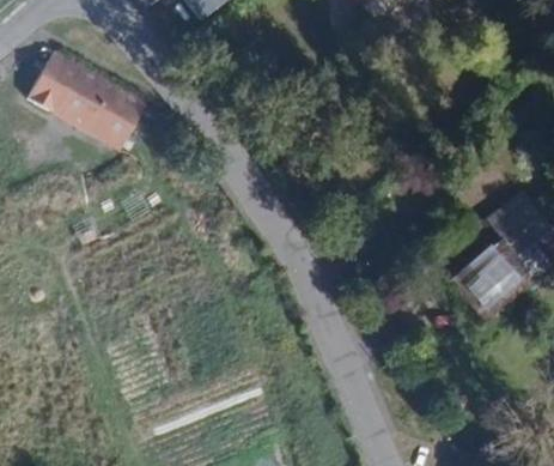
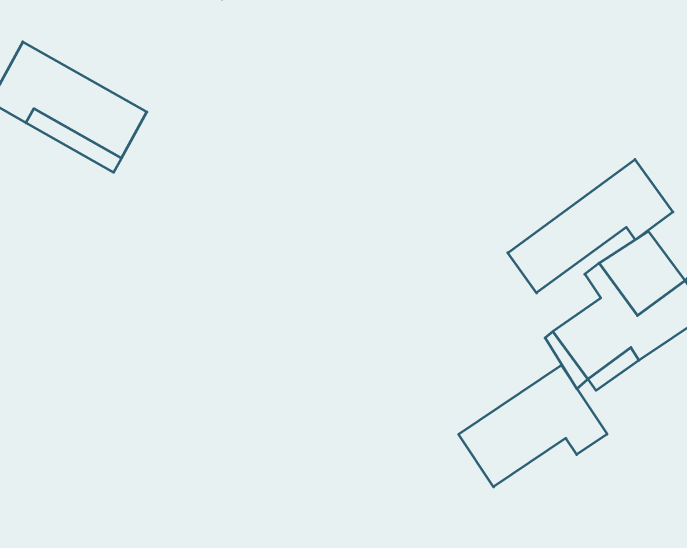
building: none -> [508,159,673,293]
building: none -> [459,365,607,487]

